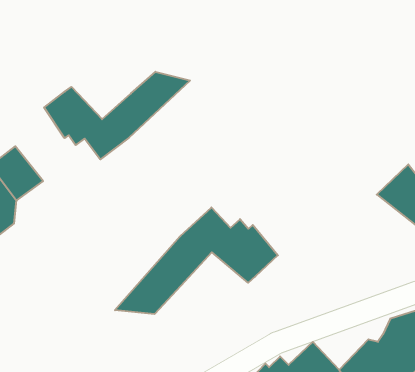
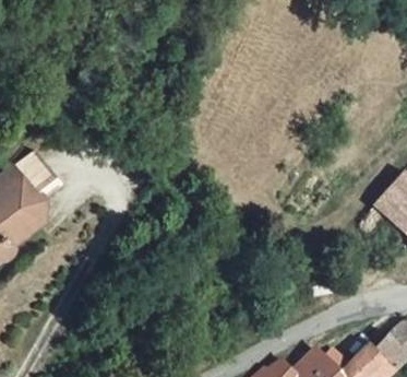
building: [44,72,190,159] -> none
building: [115,207,278,314] -> none

